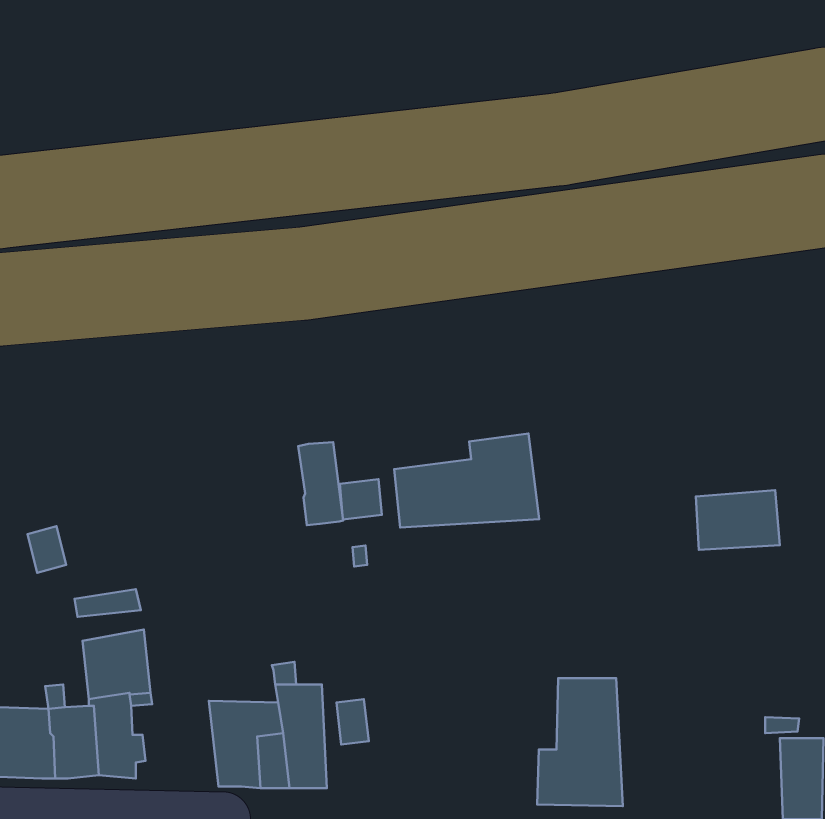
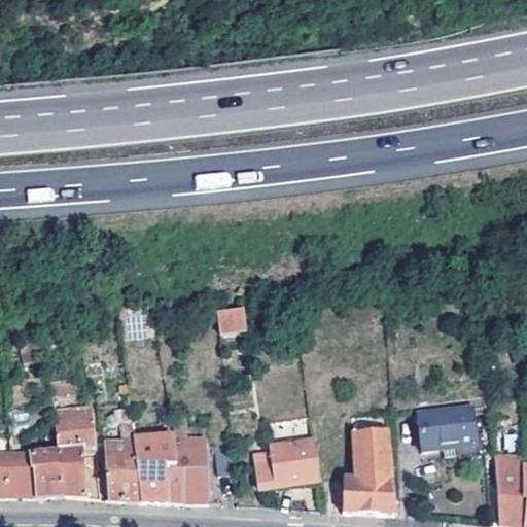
building: [394,433,539,528] -> none
building: [298,442,343,525] -> none
building: [696,490,780,550] -> [424,411,478,449]
building: none -> [104,393,139,500]
building: none -> [255,438,318,487]

